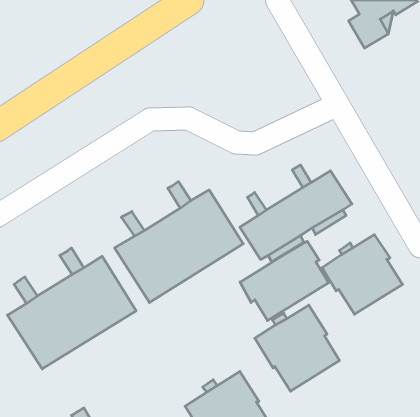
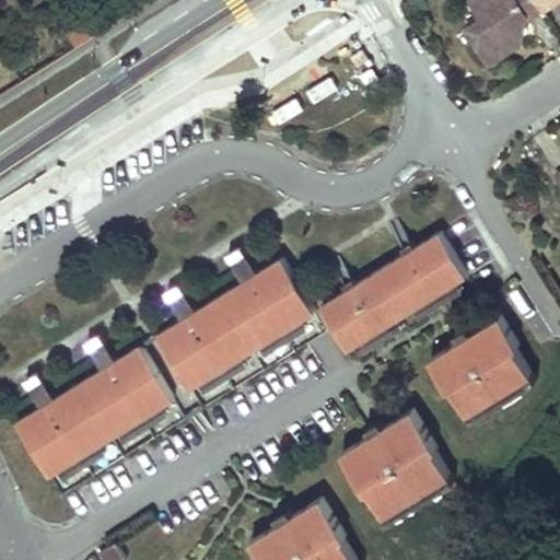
building: [240,241,329,321] -> none

